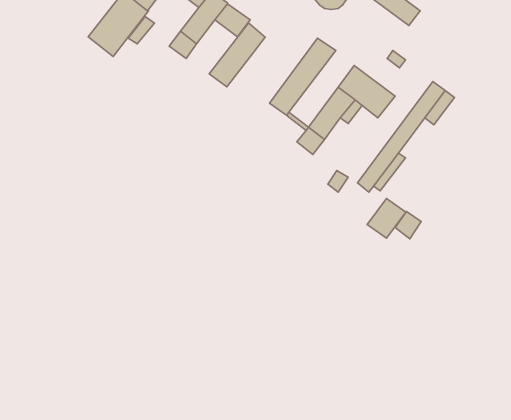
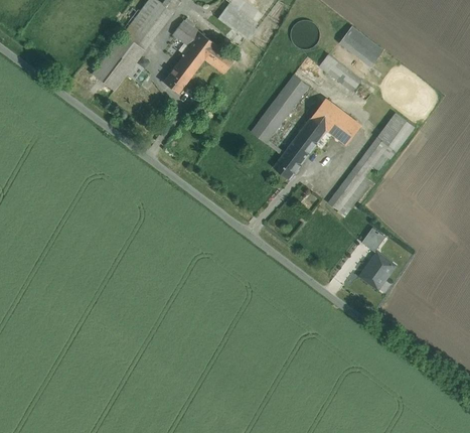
building: none -> [319,54,361,92]
building: [209,23,265,87] -> none
building: [367,198,406,238] -> [360,253,395,288]

